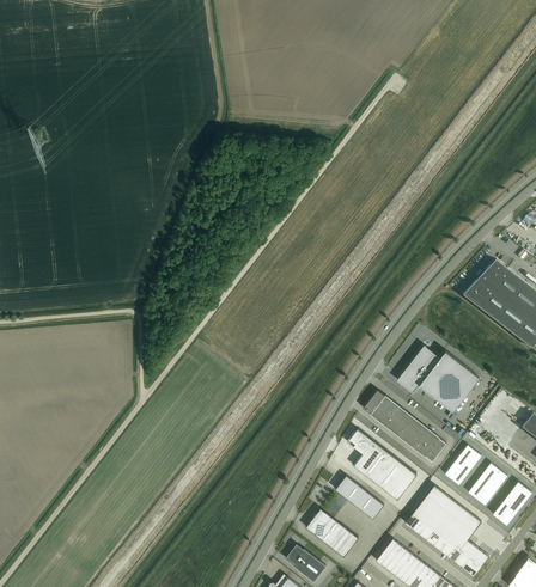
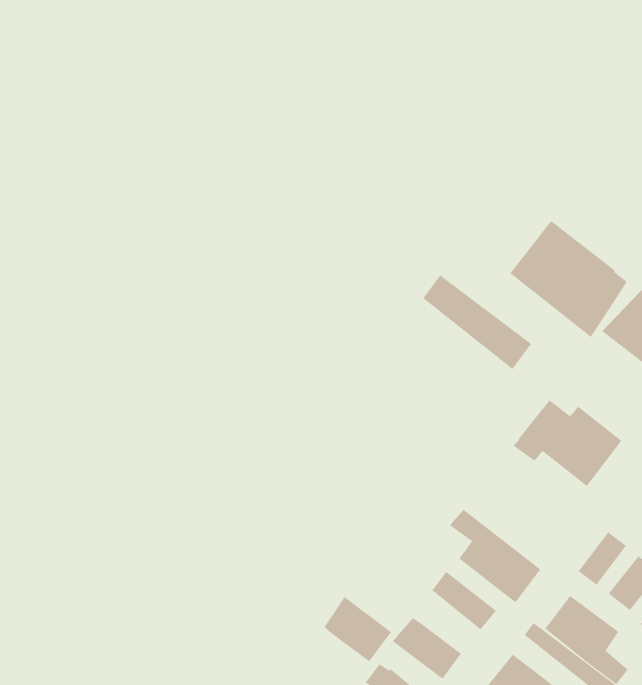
building: none -> [509,220,628,338]
building: [363,390,445,461] -> [422,274,532,370]
building: none -> [324,596,392,662]

